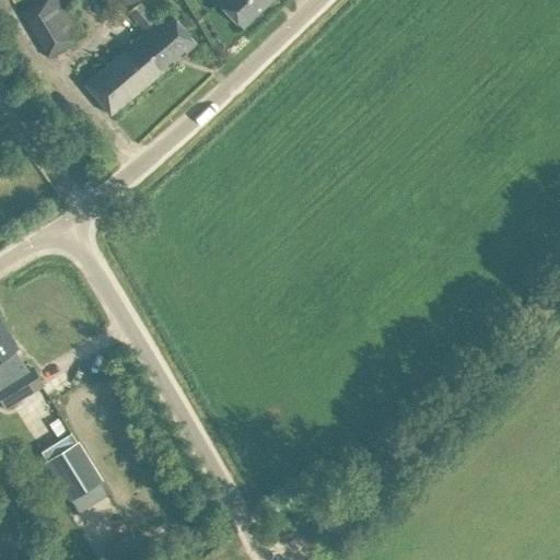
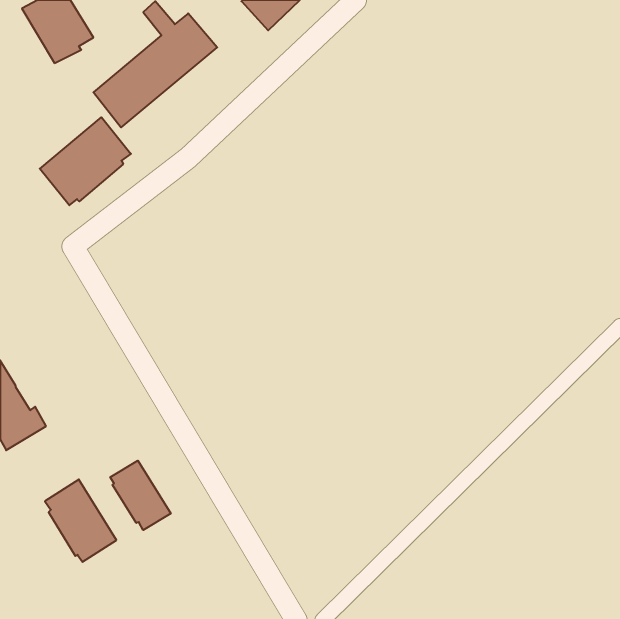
building: none -> [40,117,131,205]
building: none -> [110,461,171,530]

